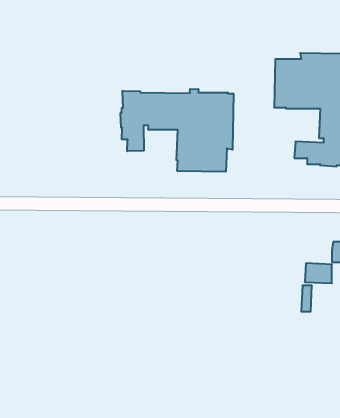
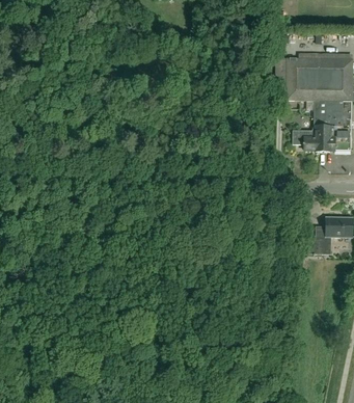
building: [120,89,234,172] -> none

